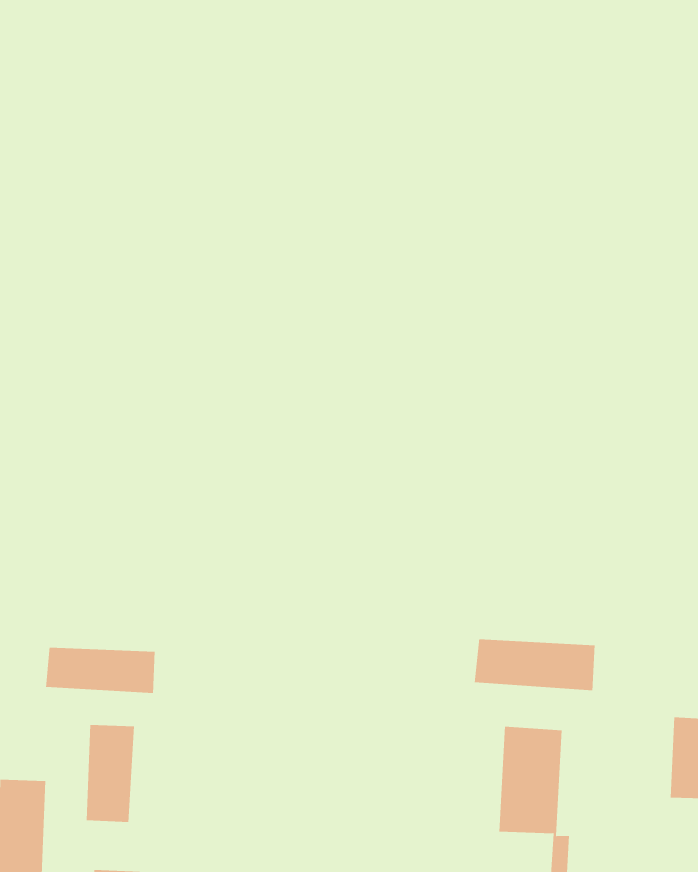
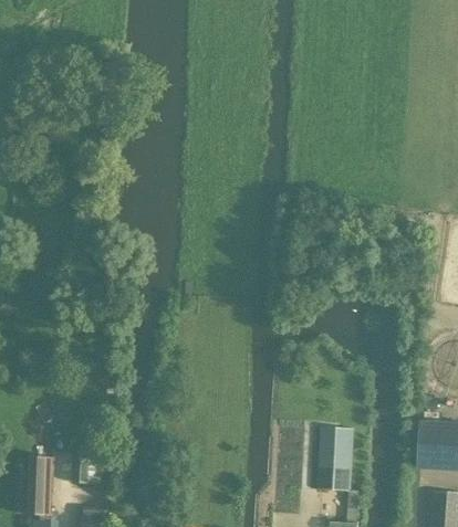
building: [474,639,595,691] -> none
building: [46,647,155,694] -> none

